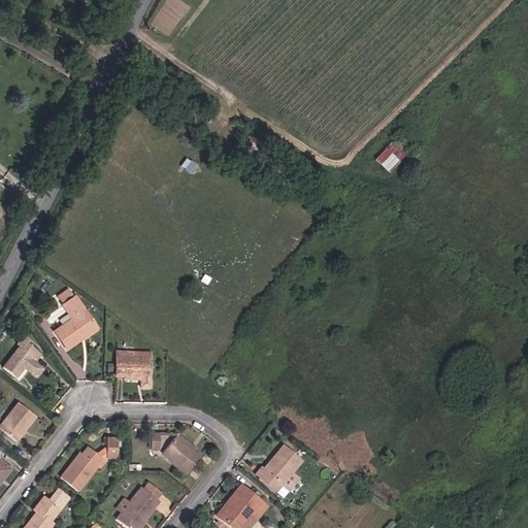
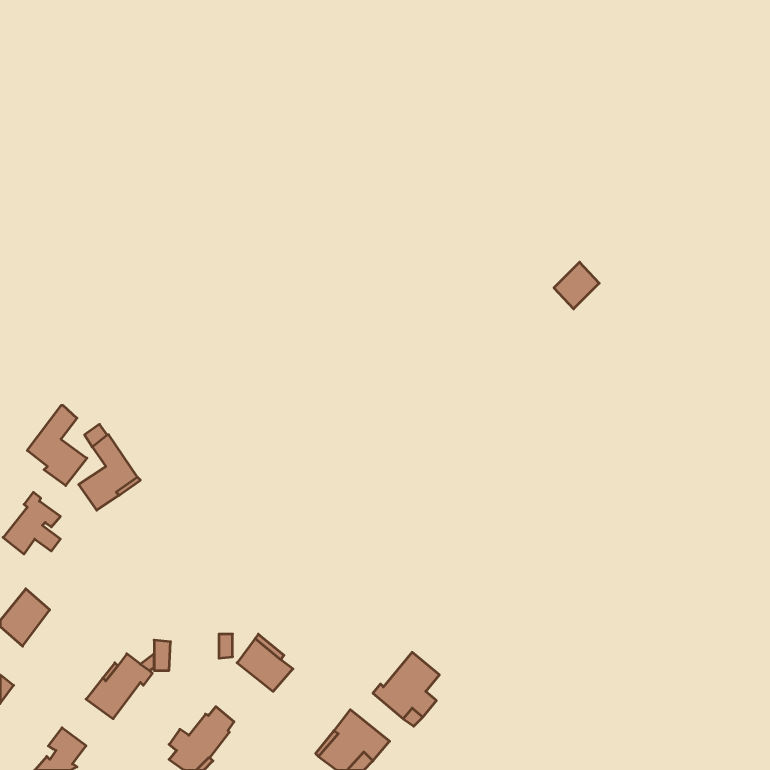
building: [375,139,406,171] -> [554,262,599,309]
building: none -> [27,405,87,486]
building: [116,351,152,380] -> none

